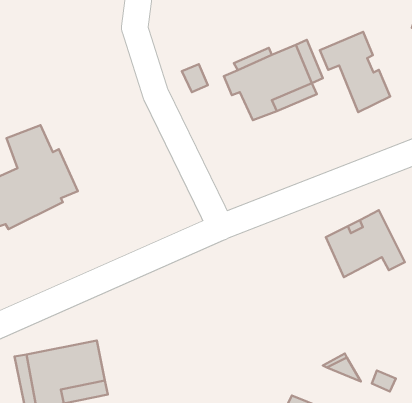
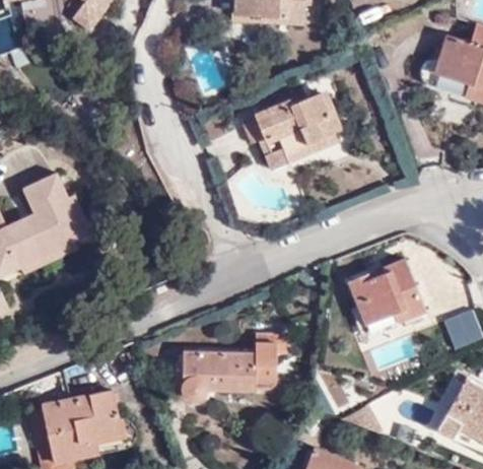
building: [320,32,390,112] -> none
building: none -> [176,333,283,401]

